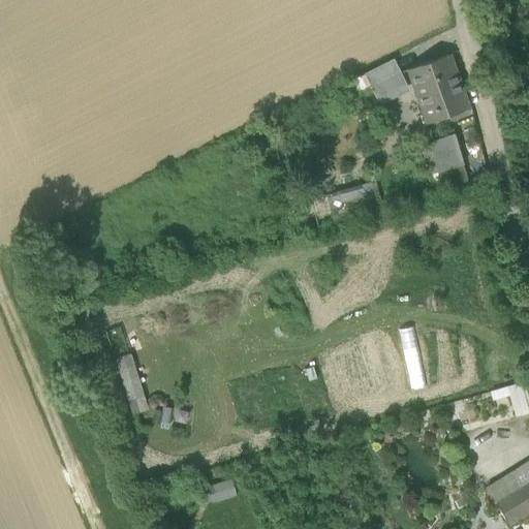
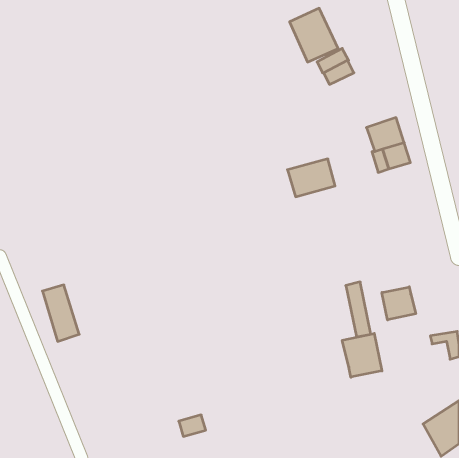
building: [412,62,468,124] -> [290,8,338,62]
building: none -> [382,287,416,320]
building: [105,352,148,417] -> [42,285,79,341]
building: none -> [342,333,382,377]

